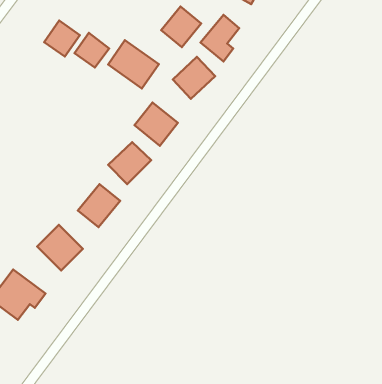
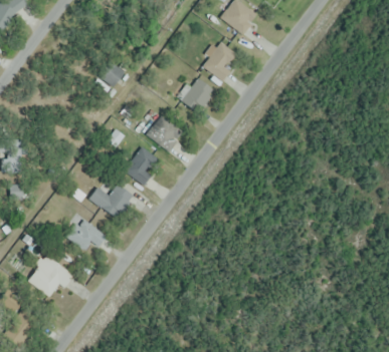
building: [161,6,201,47] -> none
building: [44,21,80,56] -> none
building: [108,40,159,88] -> none

